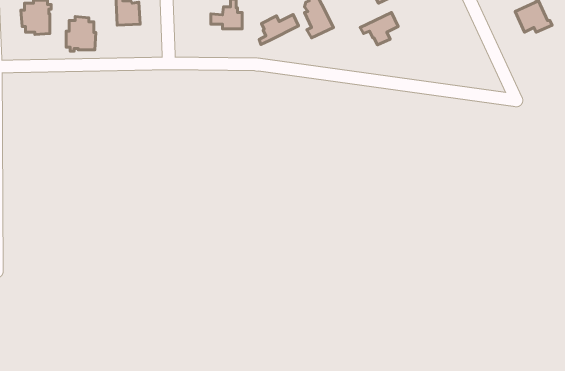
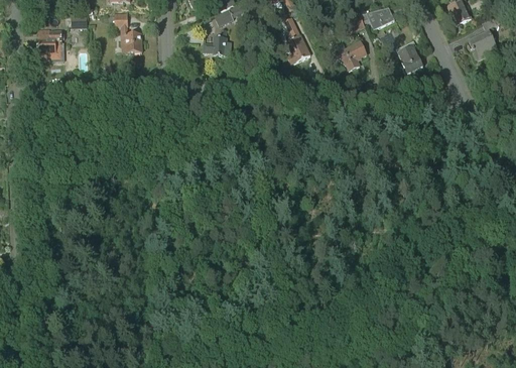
building: [259,15,298,45] -> none
building: [66,17,96,51] -> none
building: none -> [397,45,422,74]

